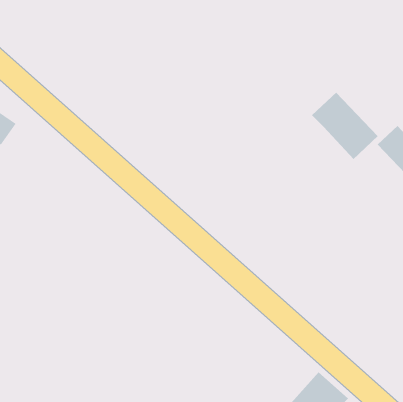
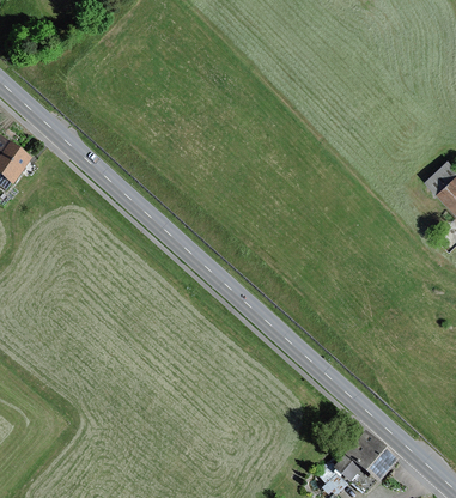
building: [311,92,378,160] -> none

